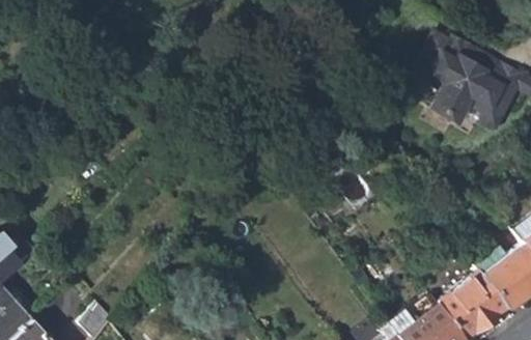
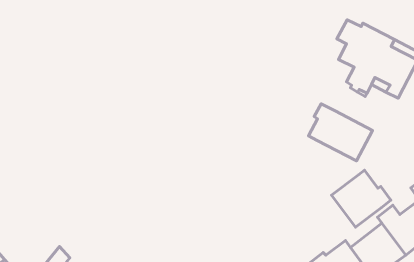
building: none -> [308,104,373,161]
building: none -> [331,170,391,227]

